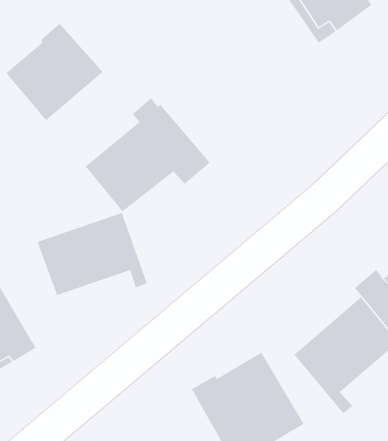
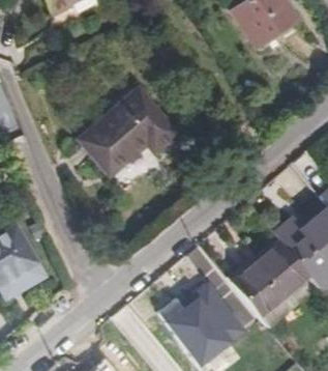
building: [6,23,104,121] -> none
building: [37,212,148,296] -> none

